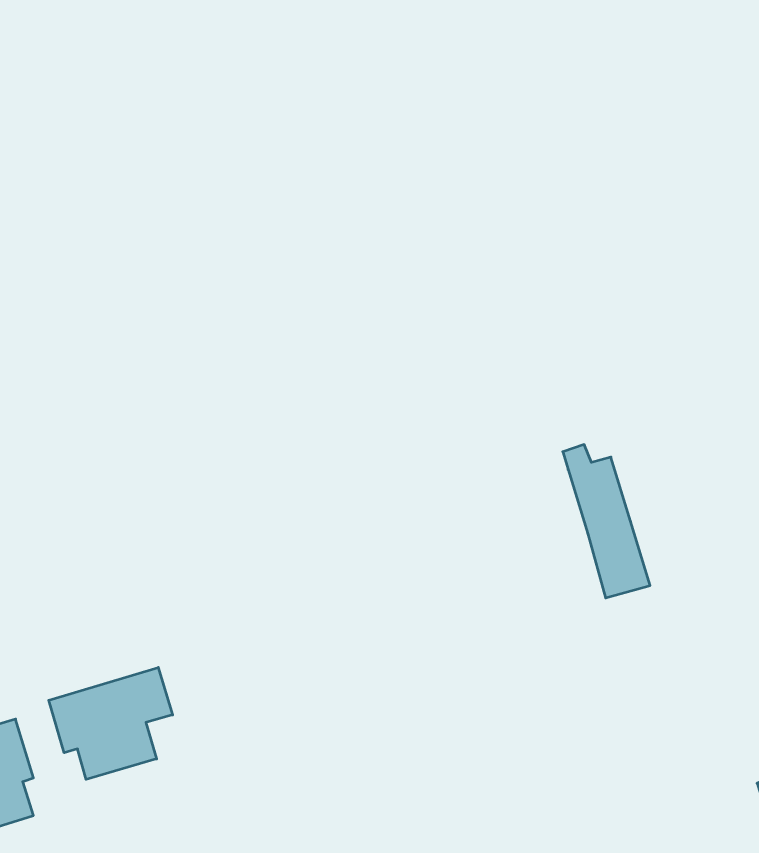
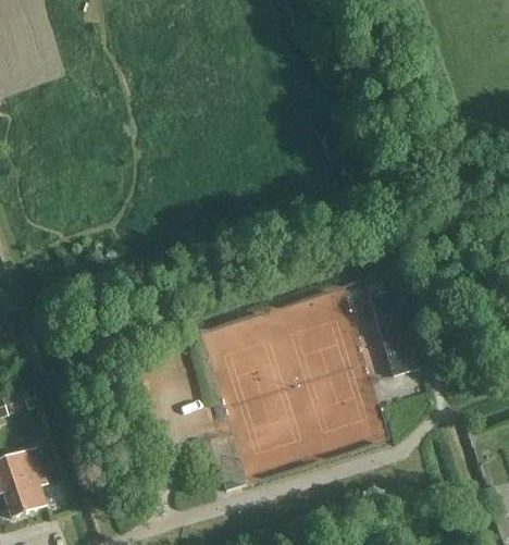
building: [49,667,173,779] -> none

